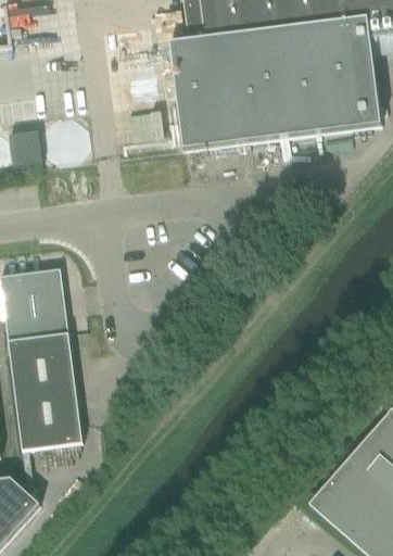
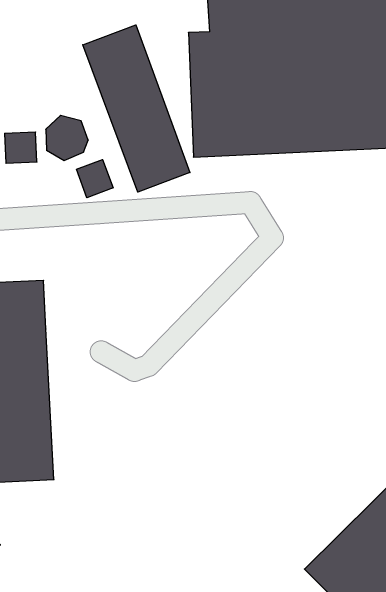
building: none -> [83,25,190,192]
building: none -> [77,160,113,198]

